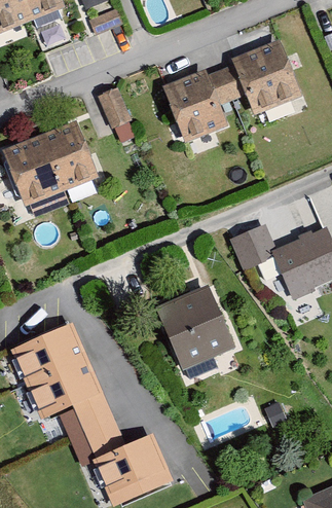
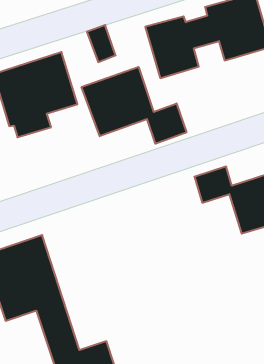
building: none -> [82,67,186,144]
building: [153,284,233,371] -> none

